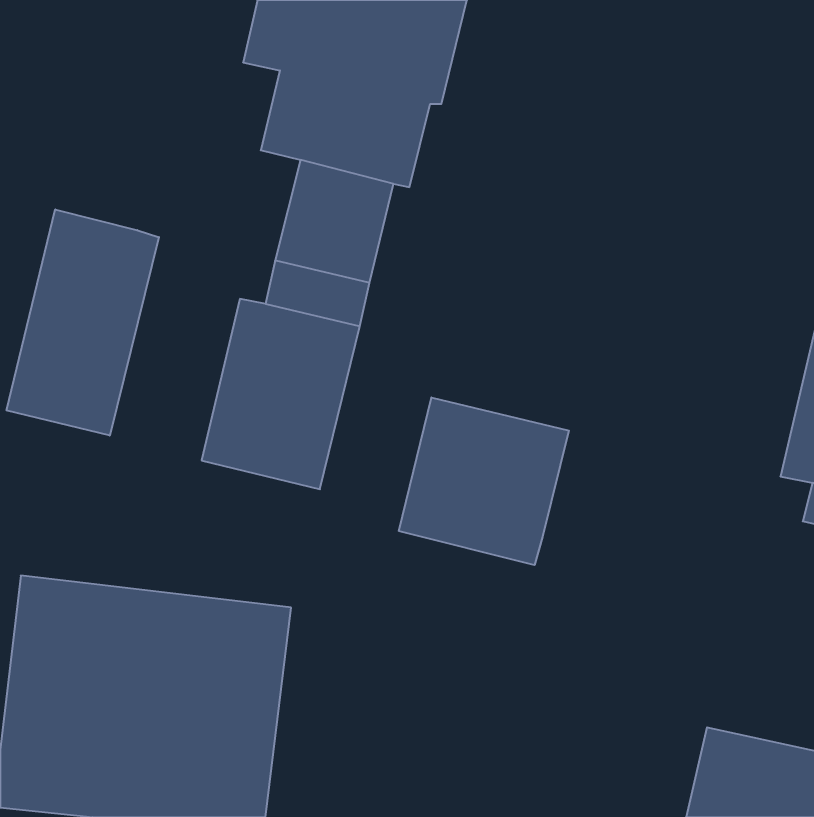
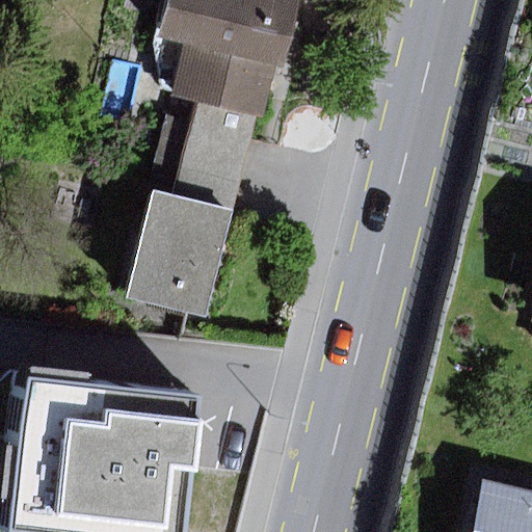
building: [7,209,159,436] -> none
building: [399,397,569,565] -> none

